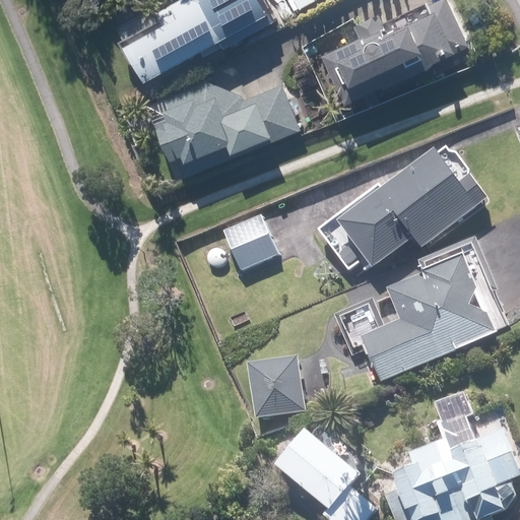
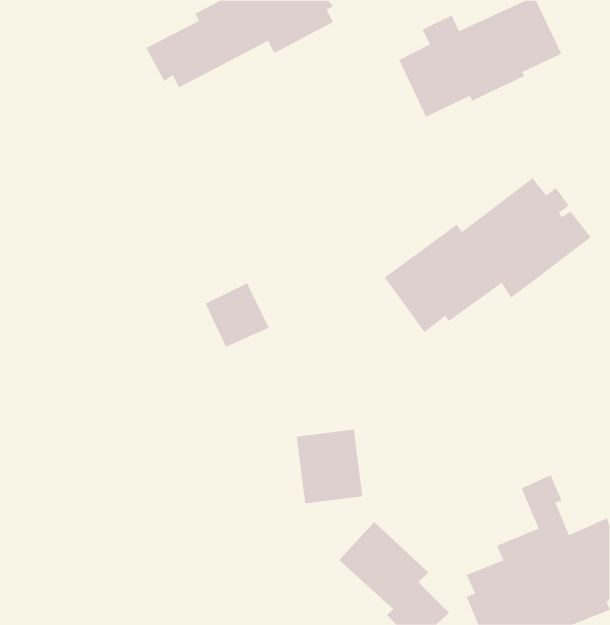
building: [146,79,300,175] -> none
building: [223,215,277,269] -> [205,283,270,347]
building: [330,238,498,380] -> none

